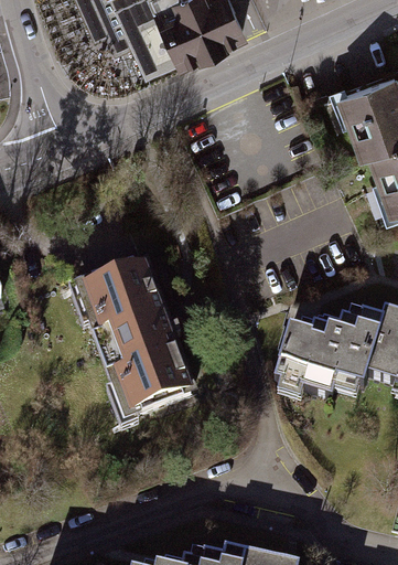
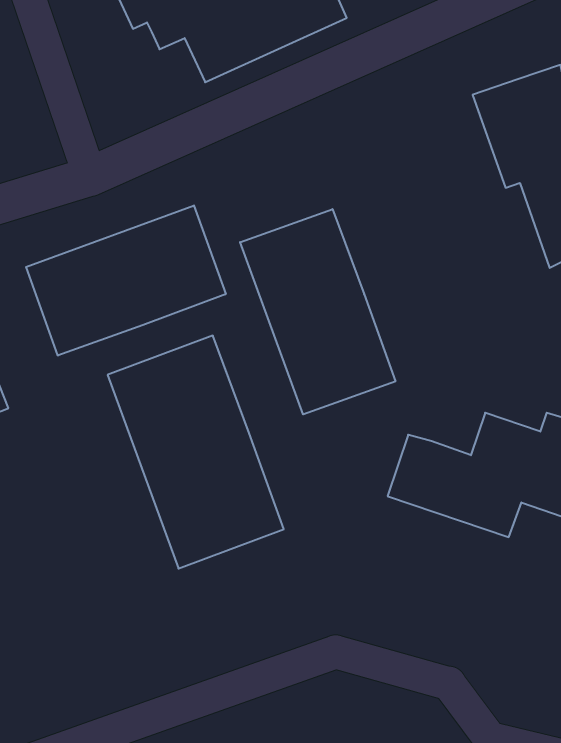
building: none -> [26,205,226,356]
building: none -> [240,209,395,414]

